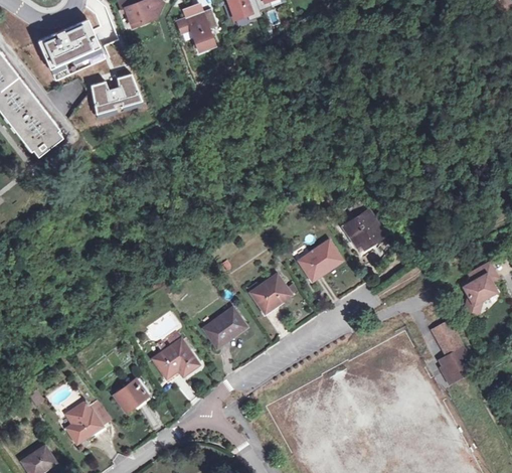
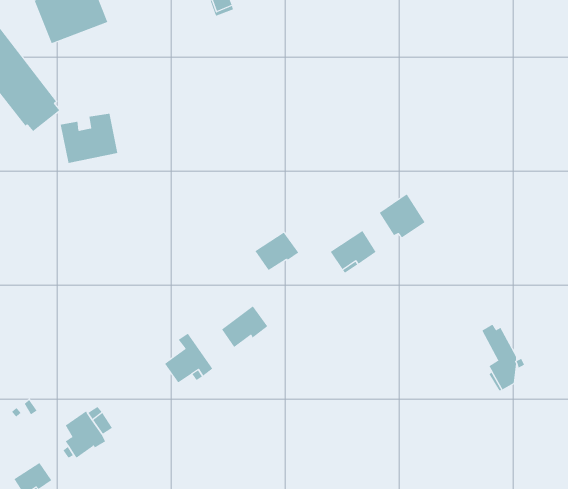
building: [91,74,142,119] -> [60,113,118,164]
building: [464,264,497,314] -> none
building: [250,276,290,310] -> [255,232,299,271]
building: [114,379,148,412] -> none

